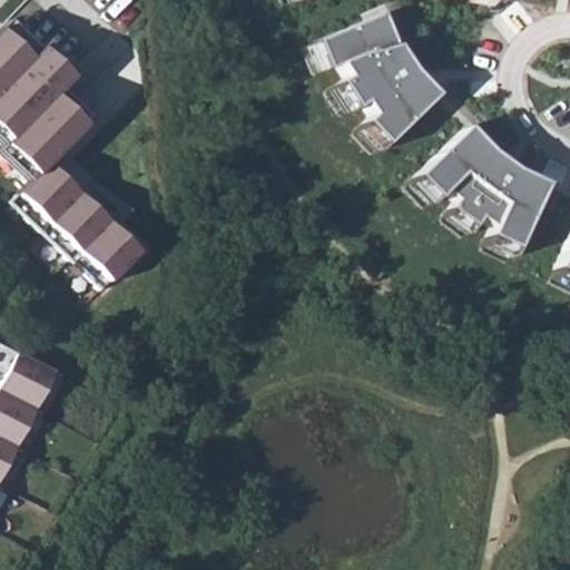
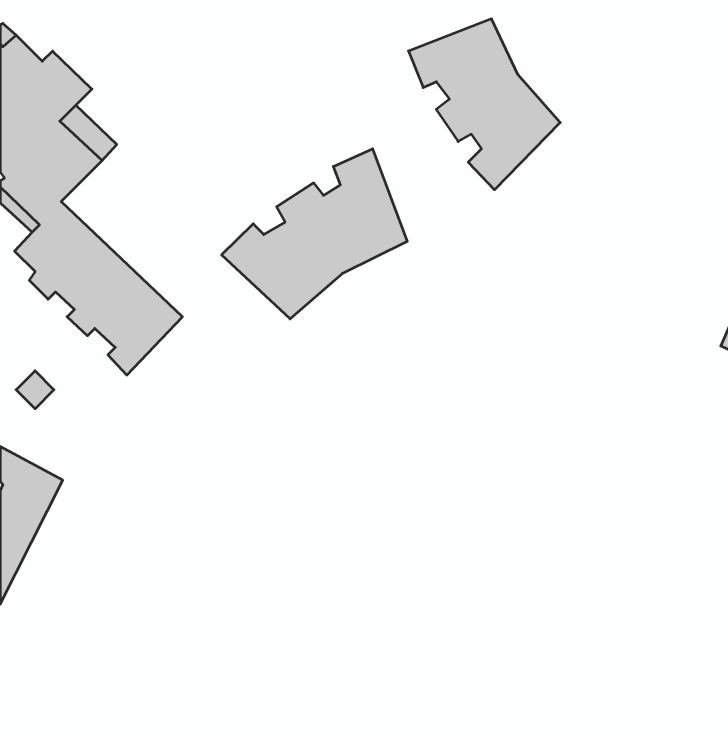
building: none -> [222,149,407,319]
building: [423,125,552,244] -> none

